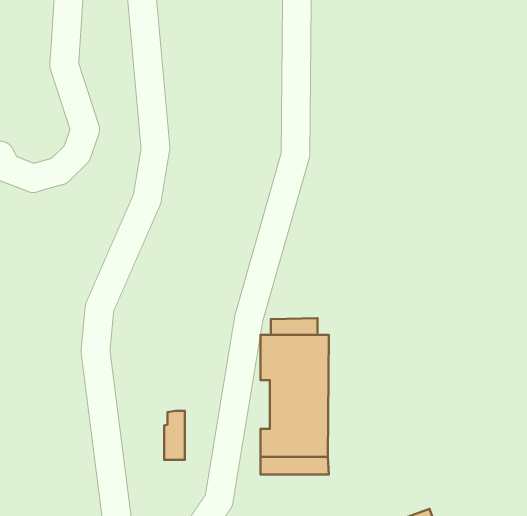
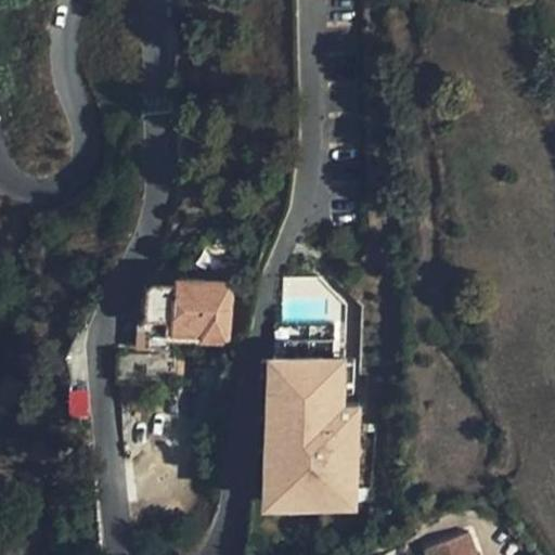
building: none -> [146,273,235,353]
building: [164,411,185,460] -> [263,412,285,463]

